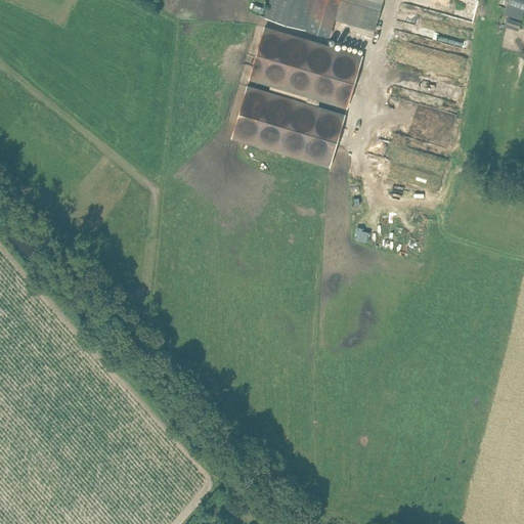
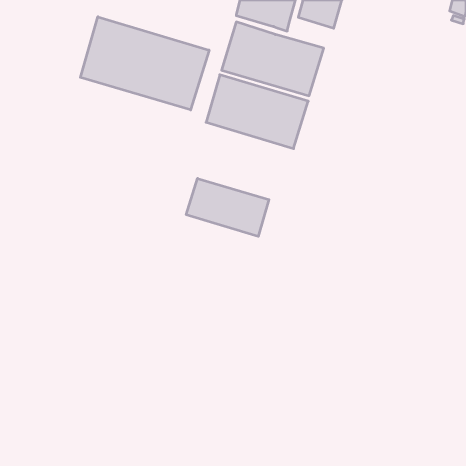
building: none -> [80,17,209,110]
building: none -> [186,178,269,236]

